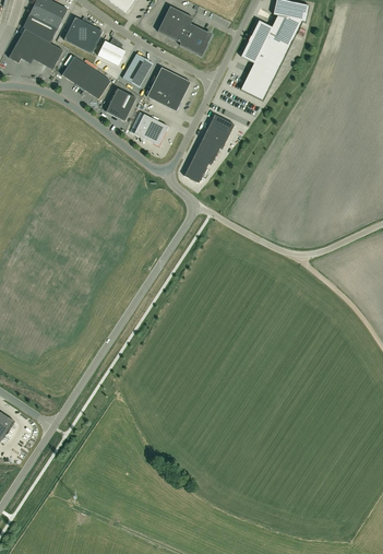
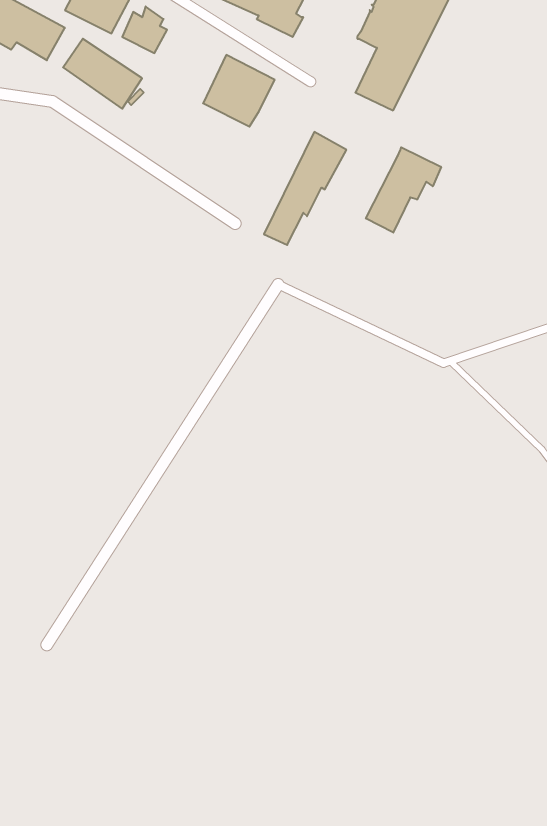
building: [122,54,154,87] -> none
building: [106,89,136,121] -> none
building: [132,110,167,142] -> none
building: none -> [366,147,441,233]

